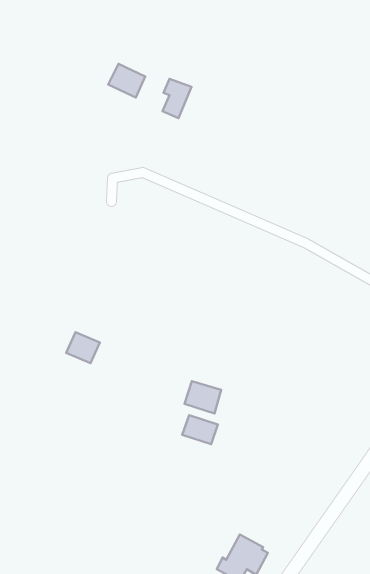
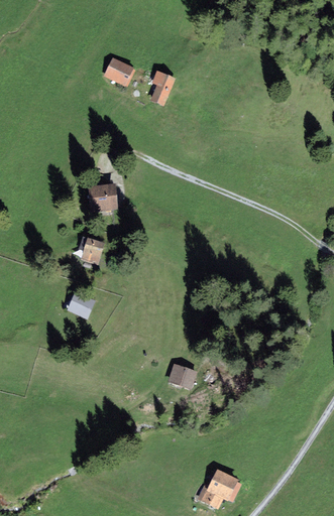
building: none -> [88,183,118,212]
building: none -> [81,237,105,264]
building: [184,381,221,413] -> none

